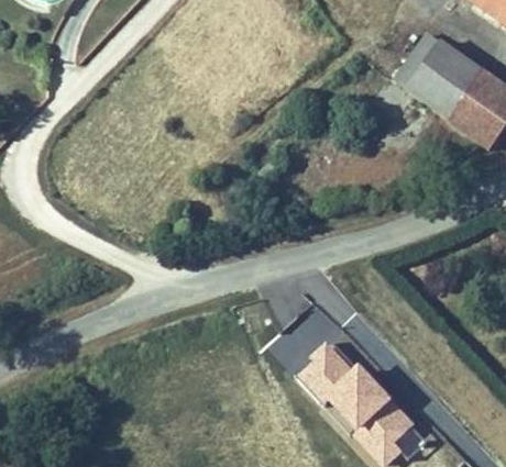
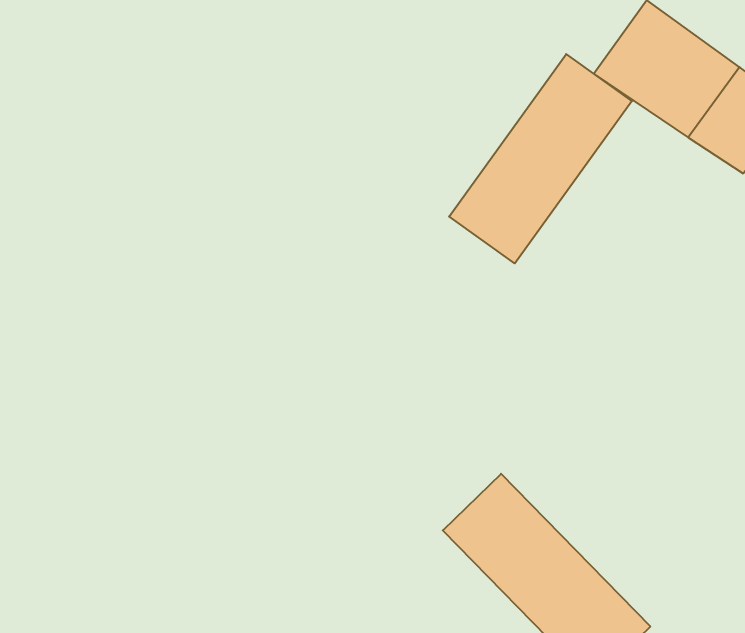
building: none -> [449,54,632,263]

